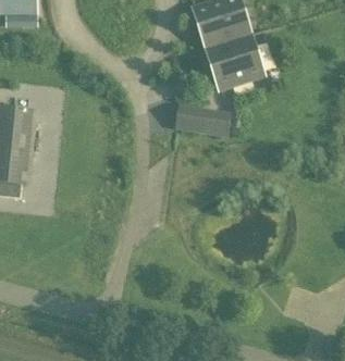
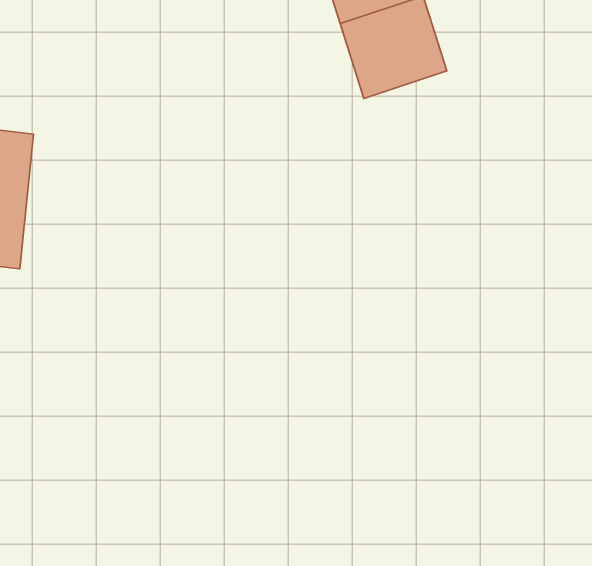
building: [176,103,232,133] -> none

